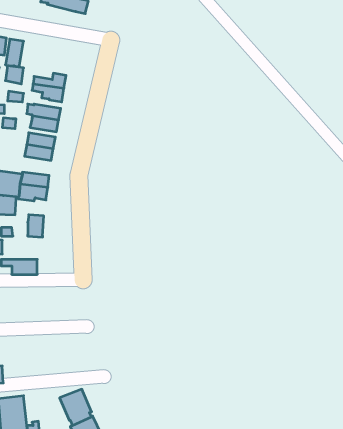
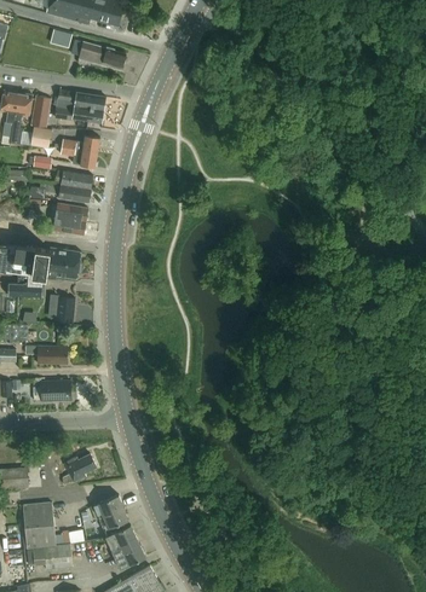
building: none -> [54,89,105,123]
building: none -> [33,381,70,400]
building: none -> [62,453,96,484]

